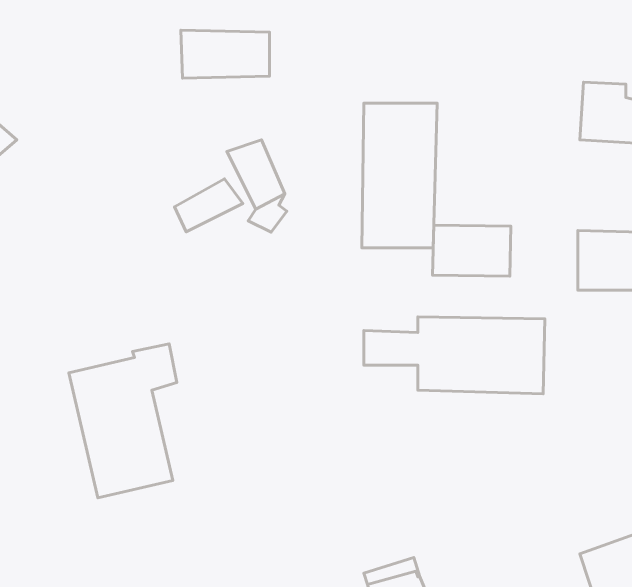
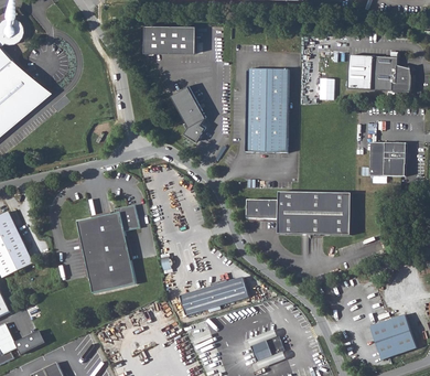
building: none -> [350,53,373,88]
building: [174,179,243,232] -> none
building: [433,225,511,276] -> none
building: none -> [183,275,251,313]

